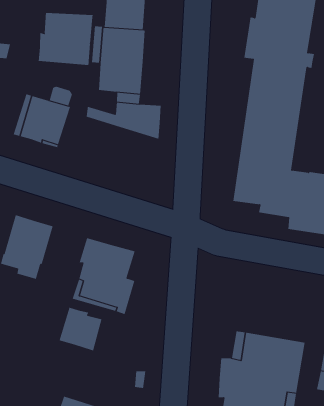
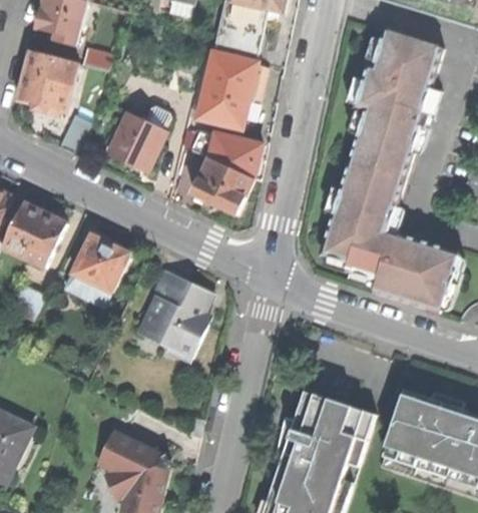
building: [38,12,93,66] -> none
building: none -> [192,157,254,214]
building: [59,307,102,351] -> none

